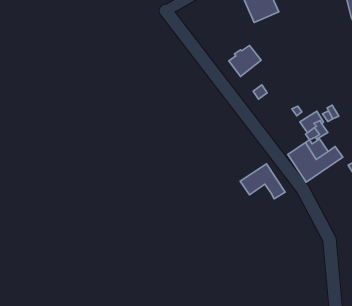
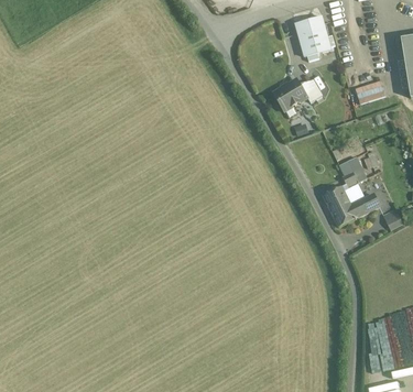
building: [240,164,285,199] -> none

